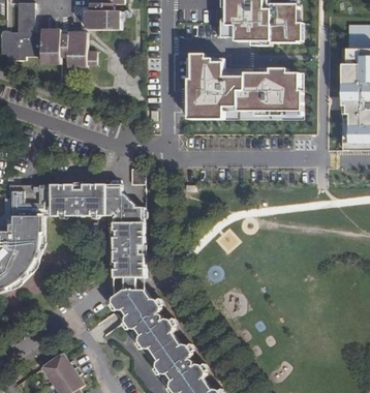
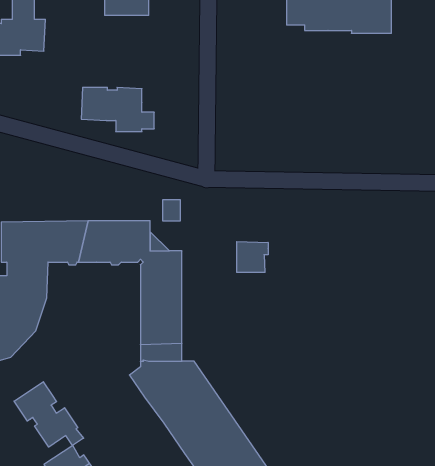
building: [39,32,94,65] -> [81,87,154,132]
building: [187,57,302,118] -> none
building: none -> [237,242,268,272]
building: none -> [14,382,84,447]

